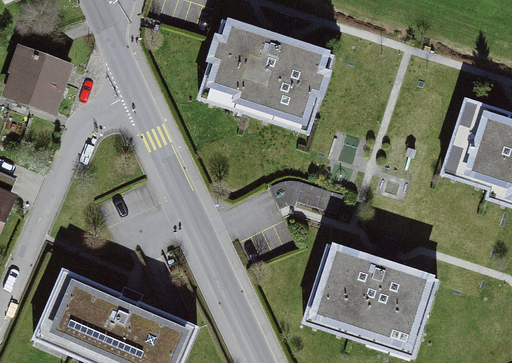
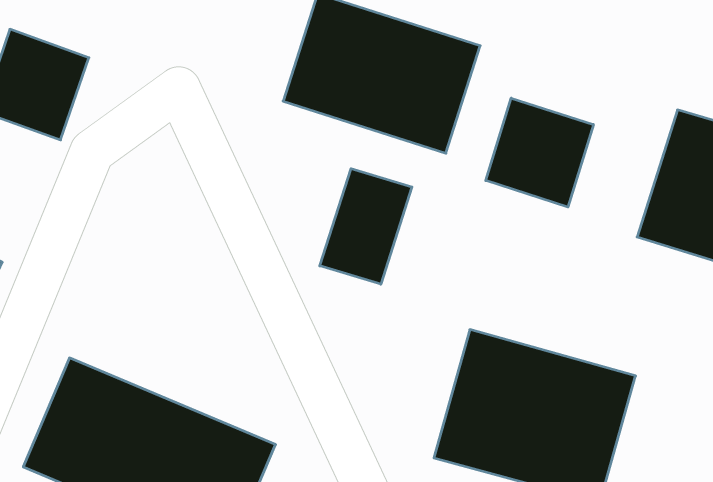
building: none -> [486,98,593,207]
building: none -> [320,169,412,284]

